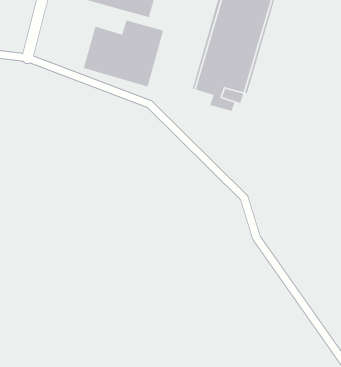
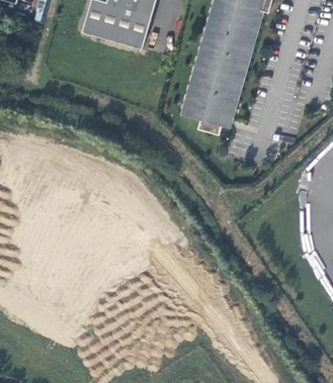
building: [83,20,164,88] -> none

